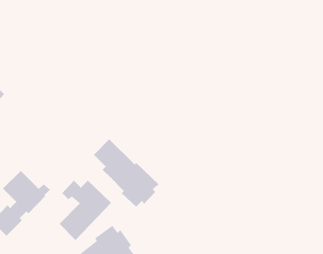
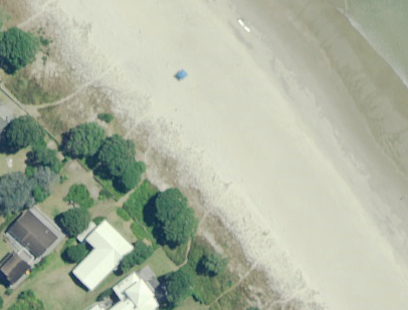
building: [93,139,159,208] -> none

